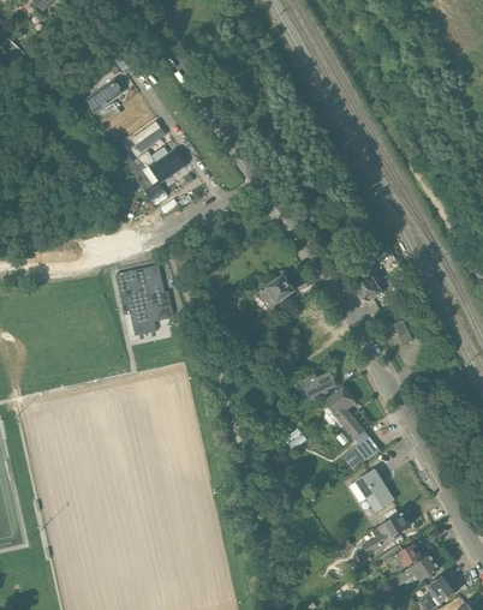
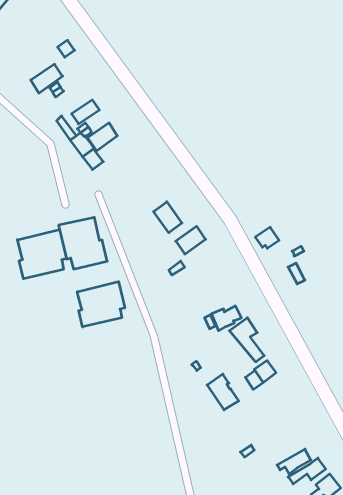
building: none -> [154,202,182,233]
building: none -> [17,229,66,279]
building: none -> [77,282,125,327]
building: [354,467,393,510] -> [207,374,239,410]
building: [372,512,413,550] -> none

